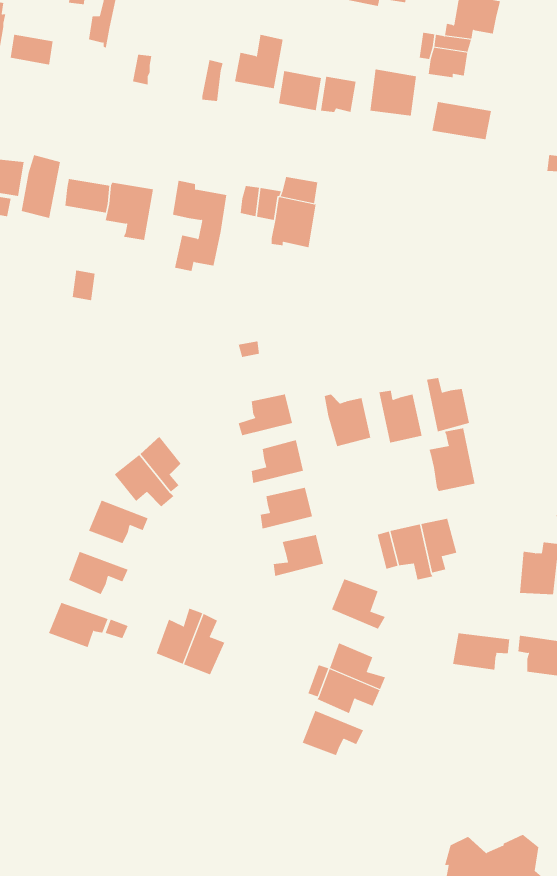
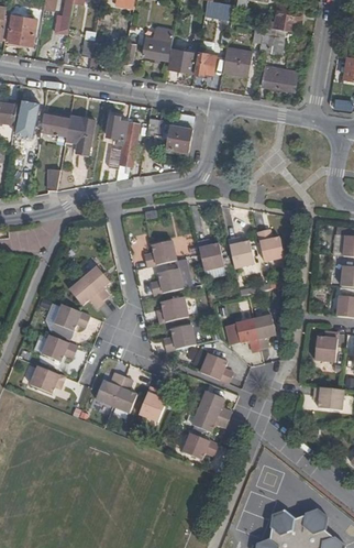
building: [429,427,475,492] -> none
building: [453,633,510,670] -> none
building: none -> [139,387,167,424]

